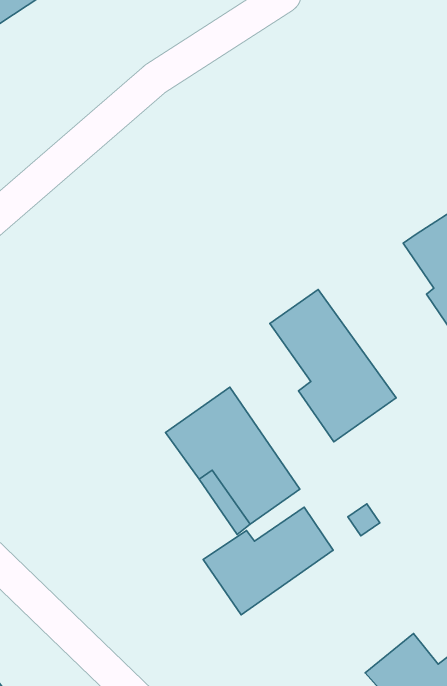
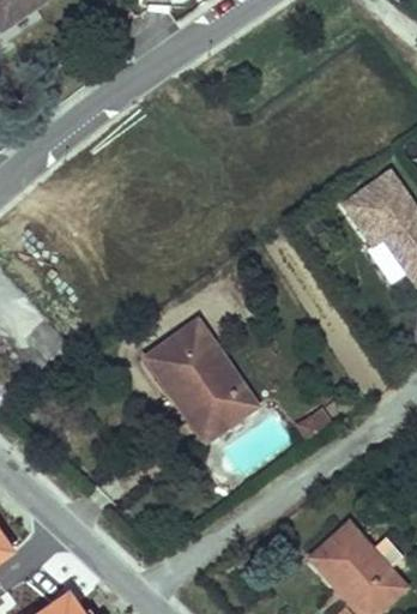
building: [270,290,396,442] -> none
building: [203,507,333,615] -> none

